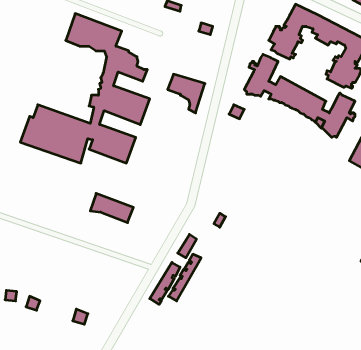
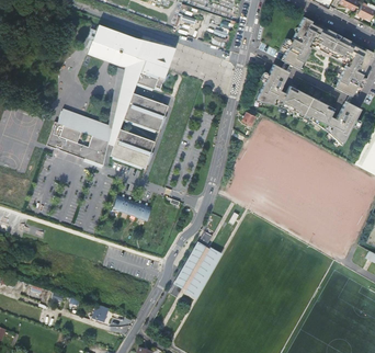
building: [168,74,205,113] -> [135,43,170,79]

